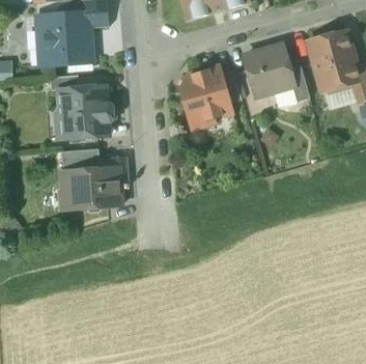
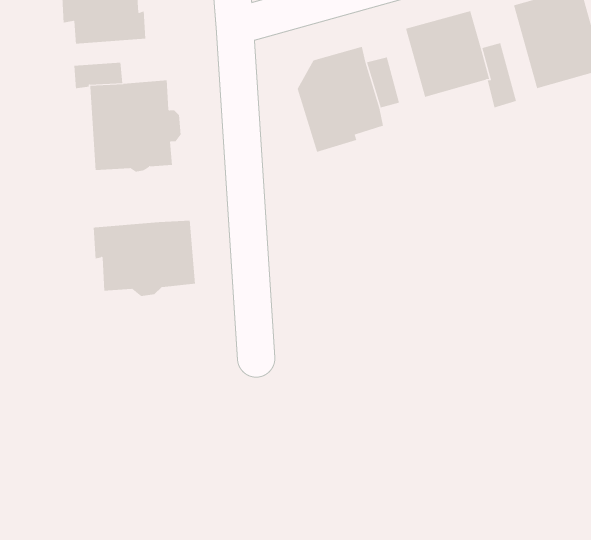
building: [61,148,100,171] -> none

